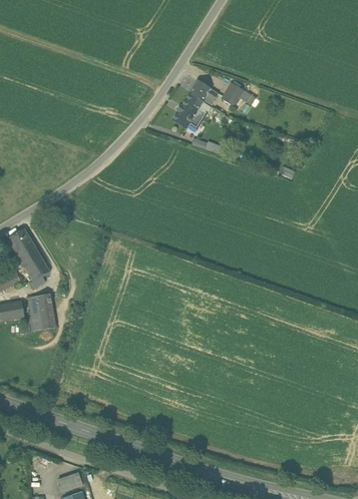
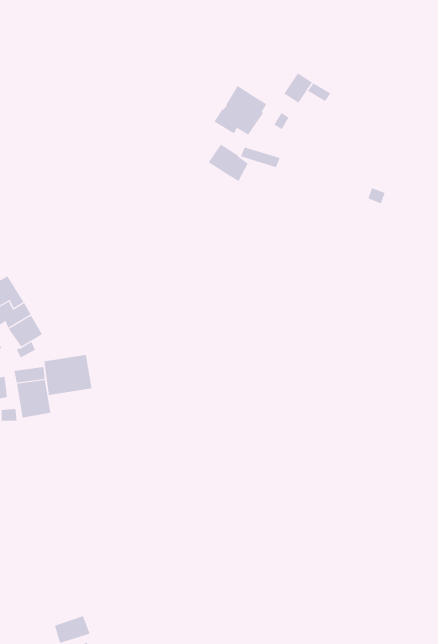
building: [189,79,218,106] -> [208,144,248,182]
building: none -> [44,354,92,396]

